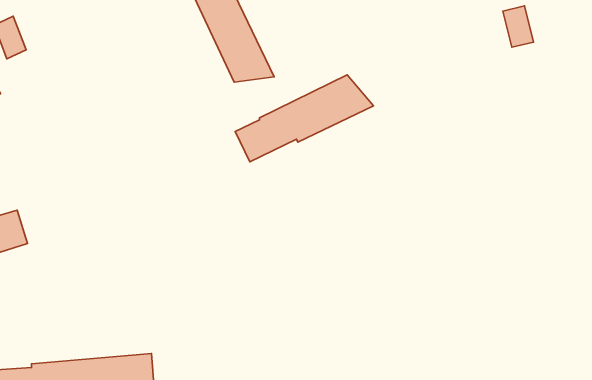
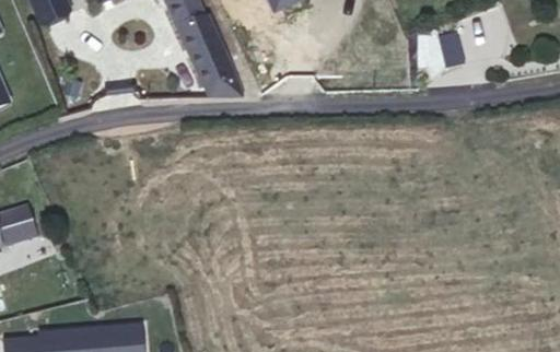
building: [235,75,373,162] -> none

